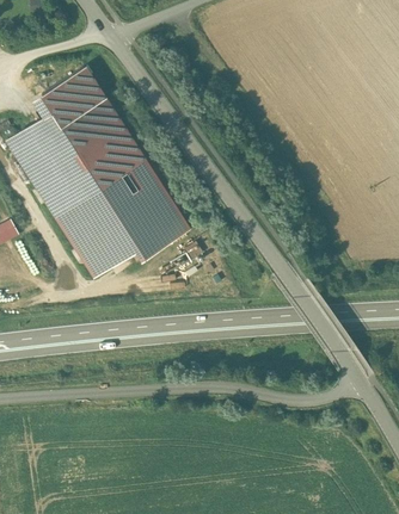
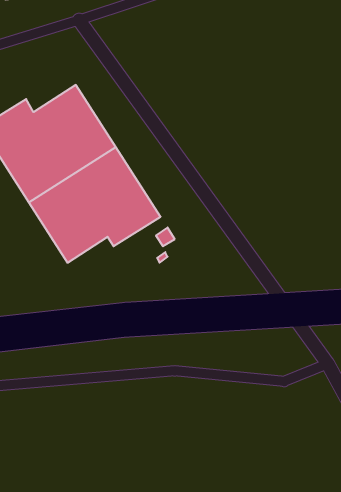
building: [42,66,104,124] -> none

